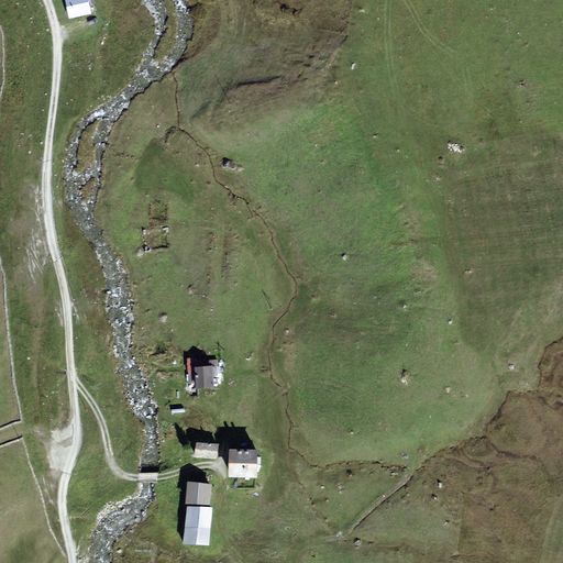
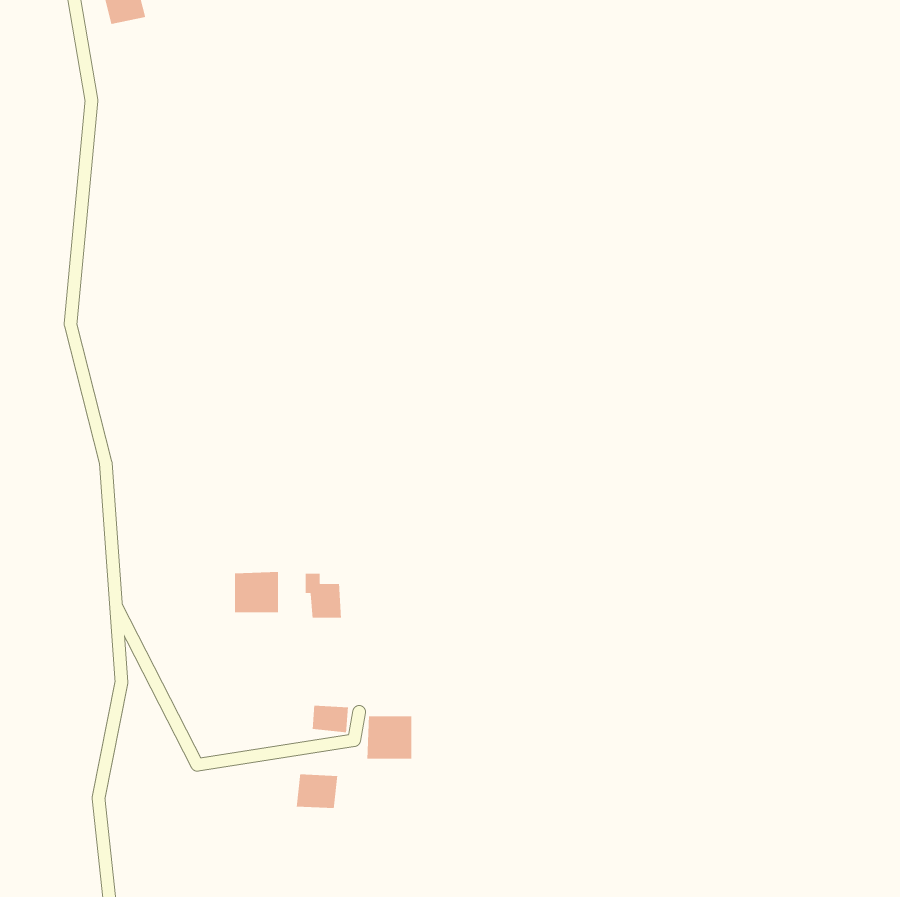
building: none -> [234,571,279,613]
building: [183,506,212,545] -> none

